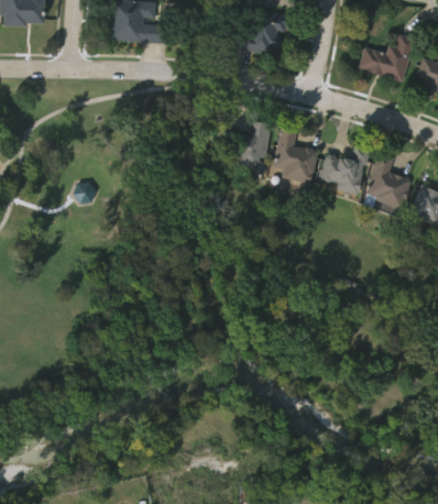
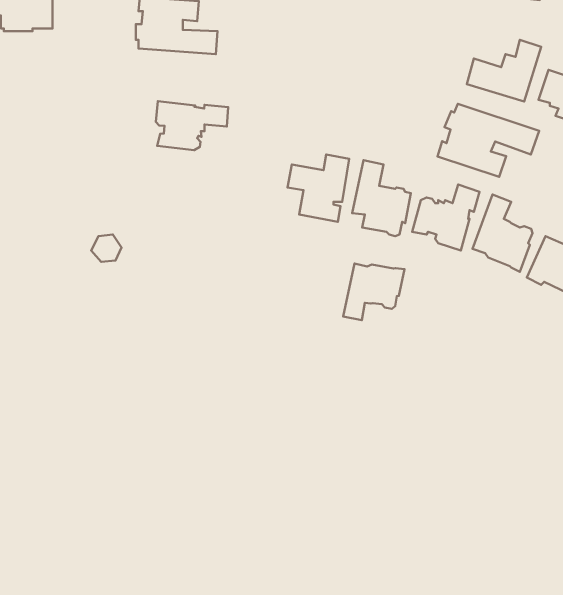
building: [232,10,289,53] -> none
building: none -> [156,101,228,150]
building: none -> [438,104,539,177]
building: none -> [343,263,405,320]

